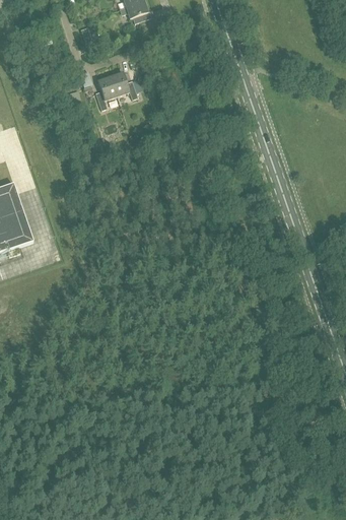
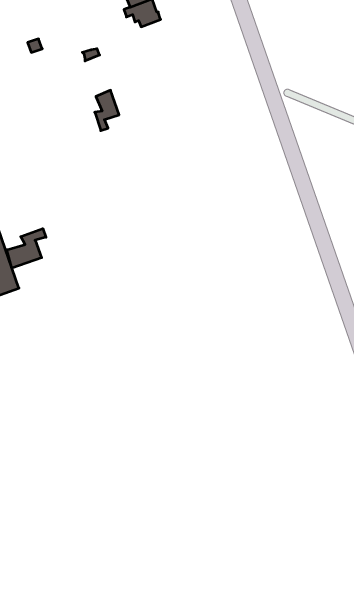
building: [110,71,138,99] -> none
building: none -> [7,229,46,268]

